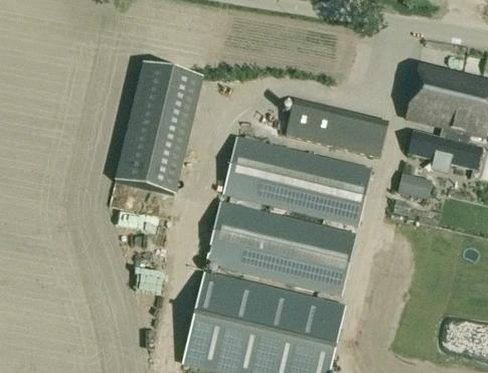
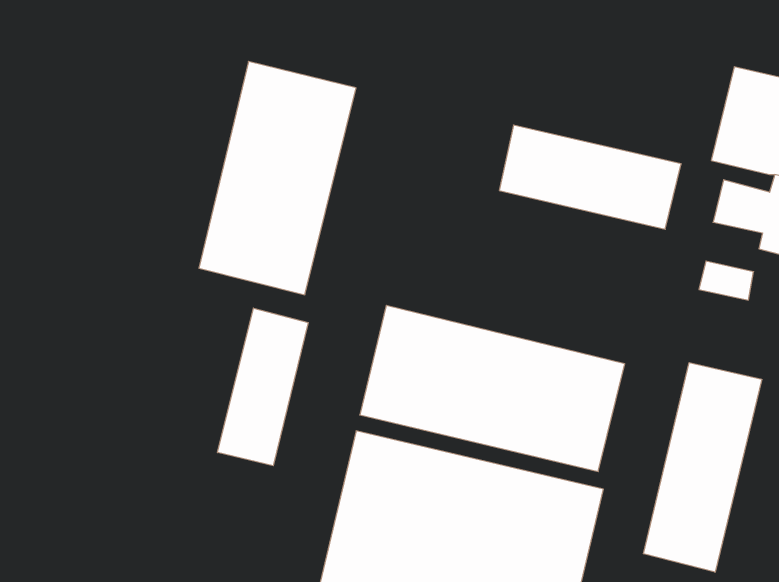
building: [223,137,372,224] -> none
building: none -> [218,308,308,466]
building: none -> [643,363,762,572]

